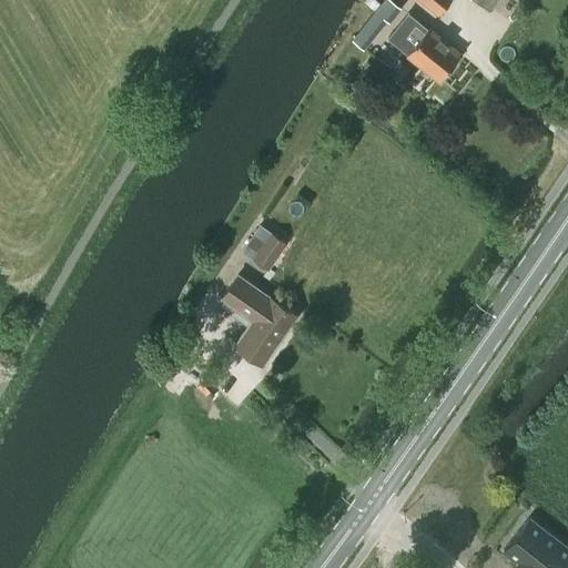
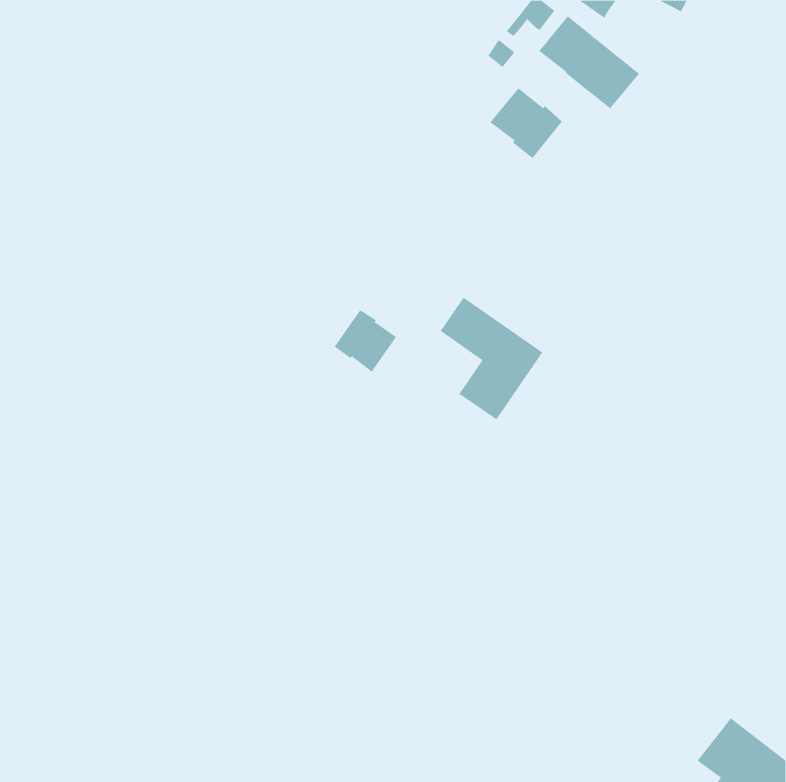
building: none -> [489,87,563,159]
building: [222,277,296,366] -> [440,297,543,420]

